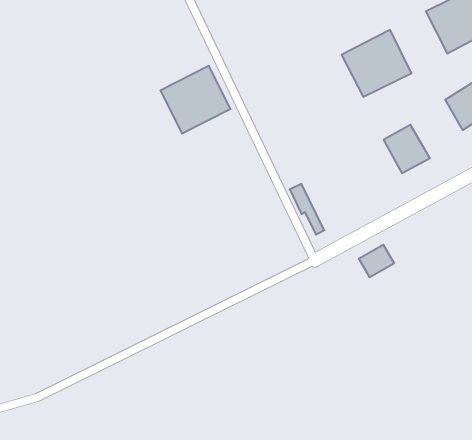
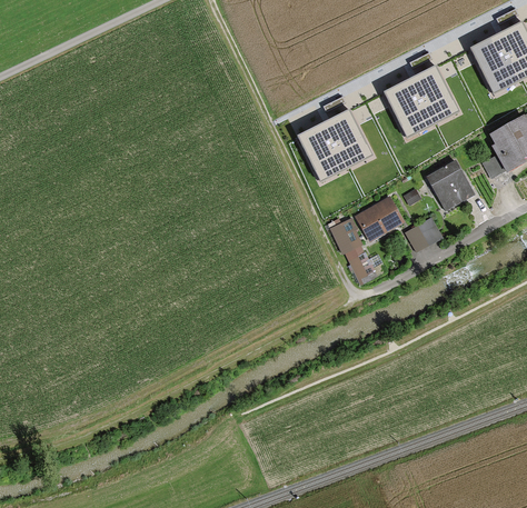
building: [160,66,231,134] -> [297,108,369,178]
building: none -> [355,199,402,242]
building: [359,245,394,277] -> [405,220,441,253]

